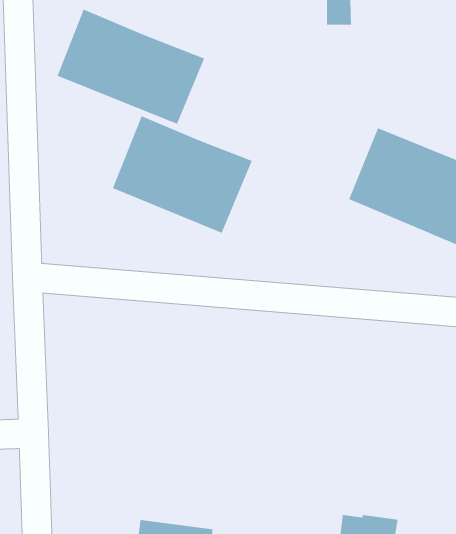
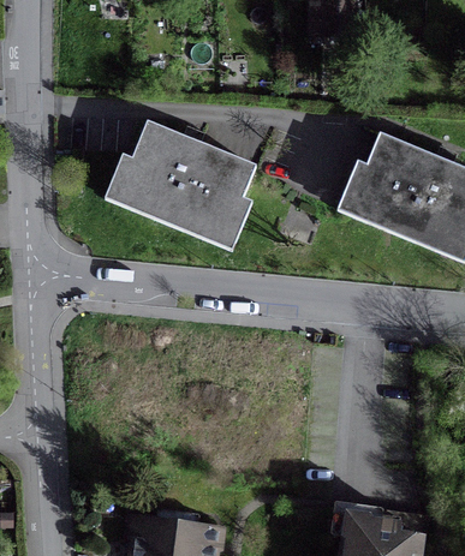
building: [57,9,205,125] -> none

